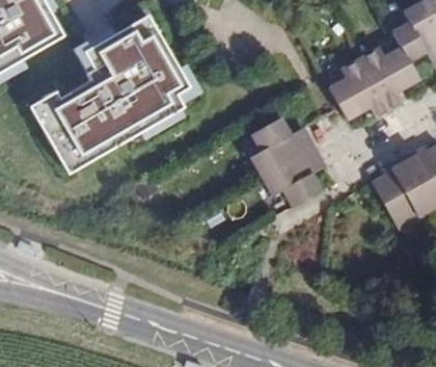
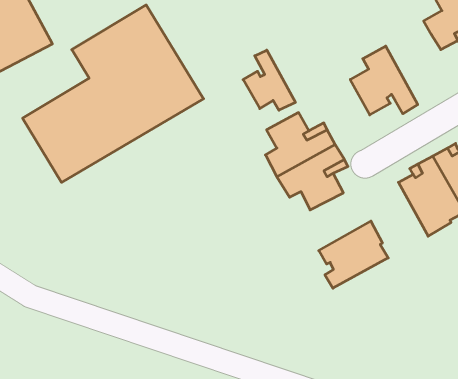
building: [361,44,420,107] -> none
building: none -> [243,50,295,110]
building: none -> [319,221,388,288]

